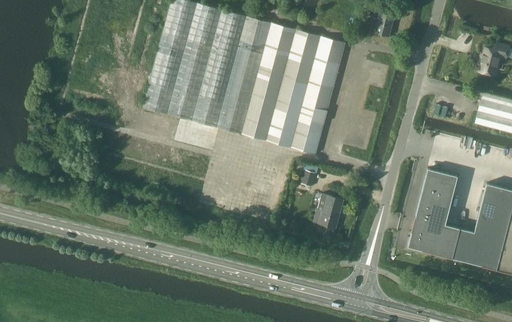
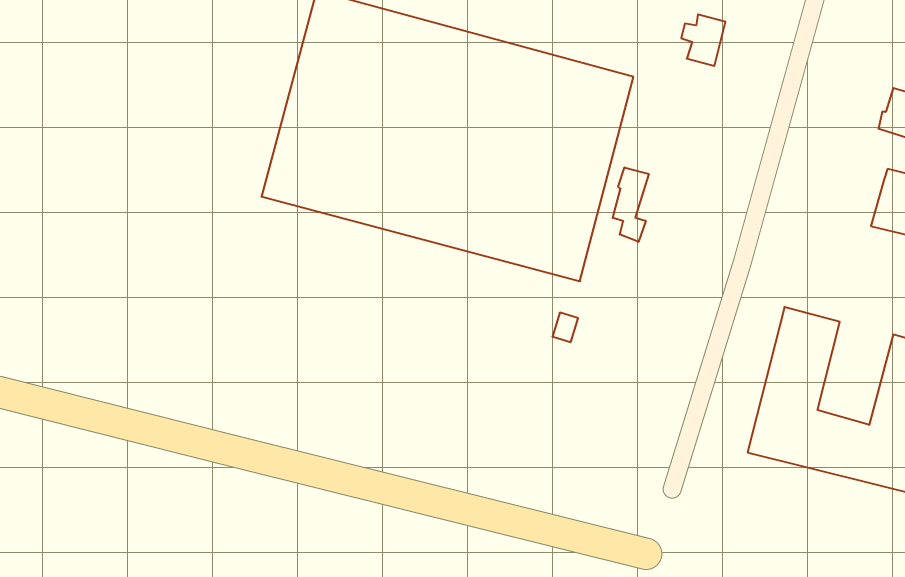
building: none -> [613,167,649,242]
building: [318,196,344,229] -> none

